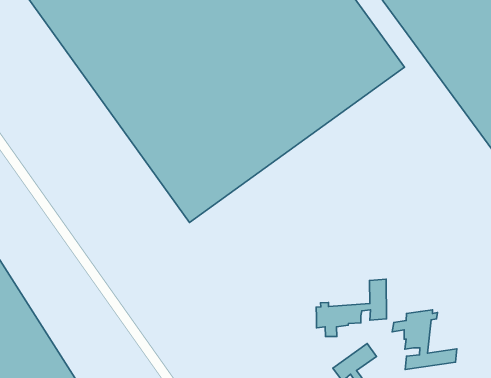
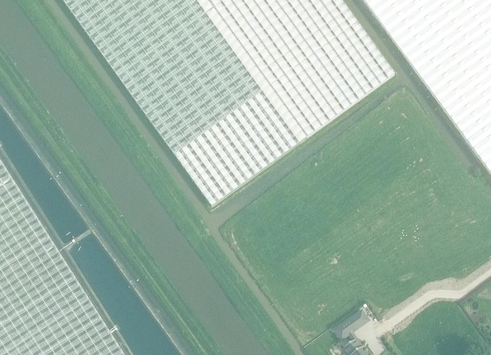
building: [316,279,387,336] -> none
building: [392,310,457,370] -> none

